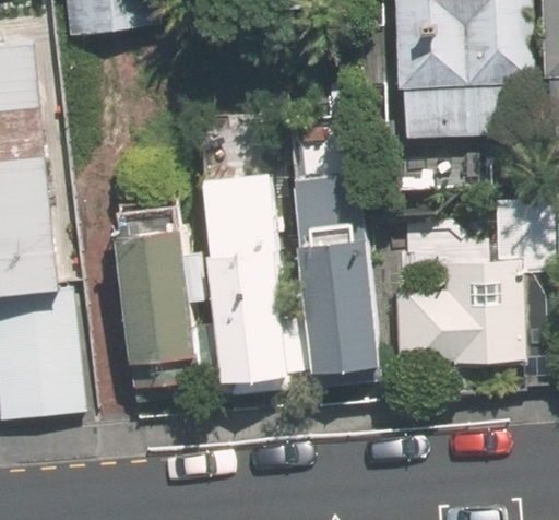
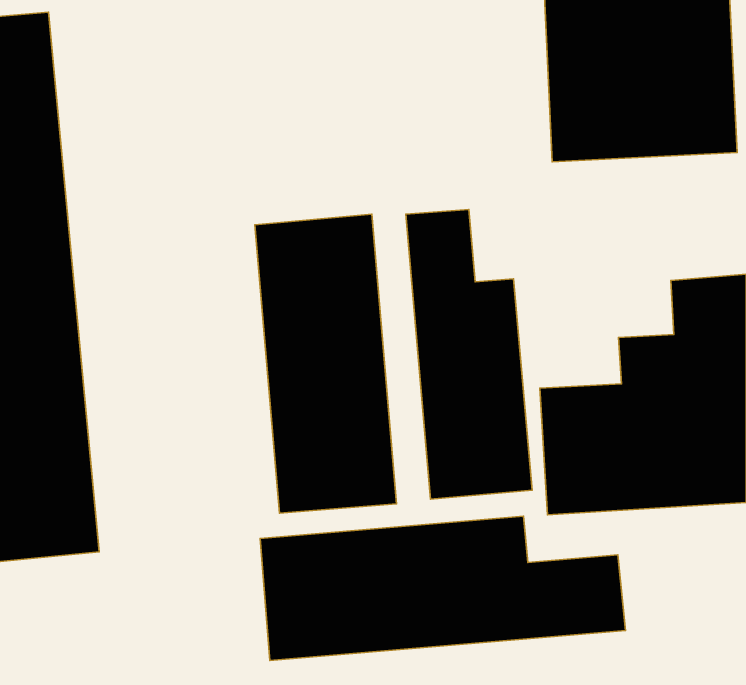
building: [112,197,205,395] -> none
building: none -> [260,516,625,661]

